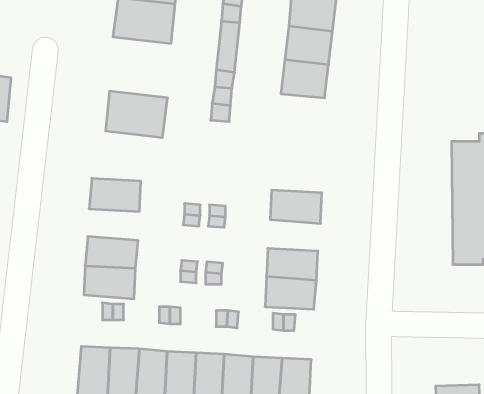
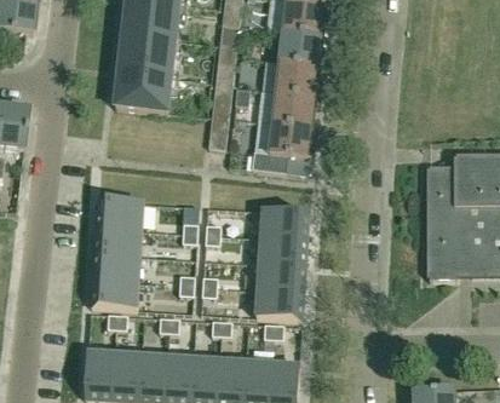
building: [106,91,168,138] -> [114,68,171,110]
building: none -> [251,120,311,169]
building: none -> [94,225,142,254]
building: none -> [259,235,308,264]

